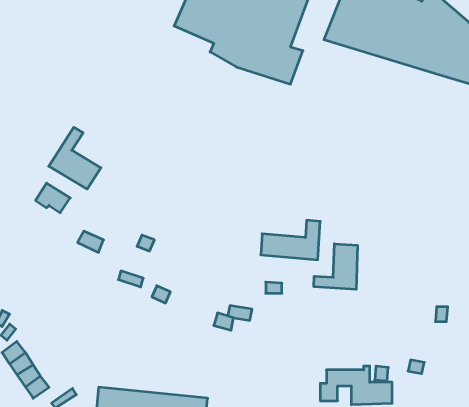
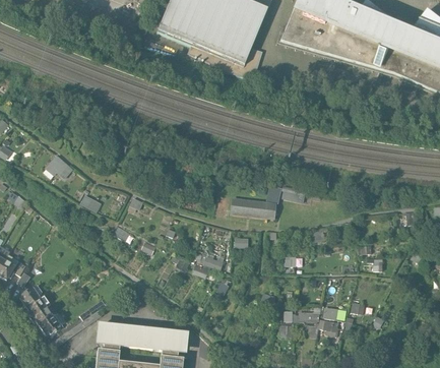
building: [49,127,101,189] -> none
building: [314,244,357,289] -> none

